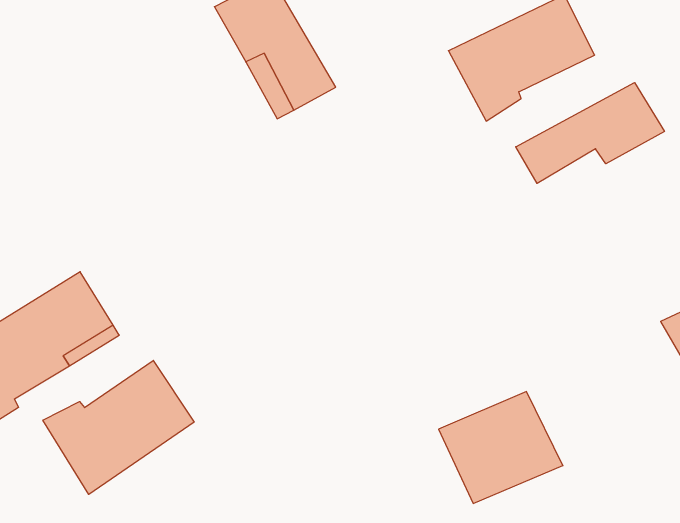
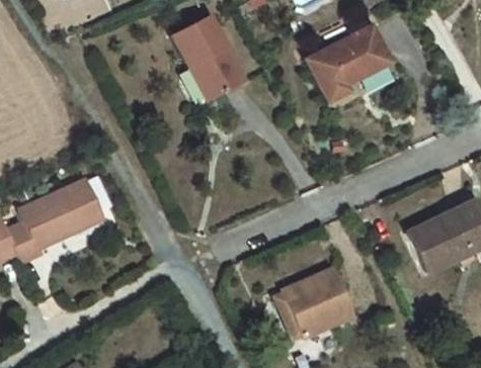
building: [516,83,664,183] -> none
building: [43,360,194,494] -> none

